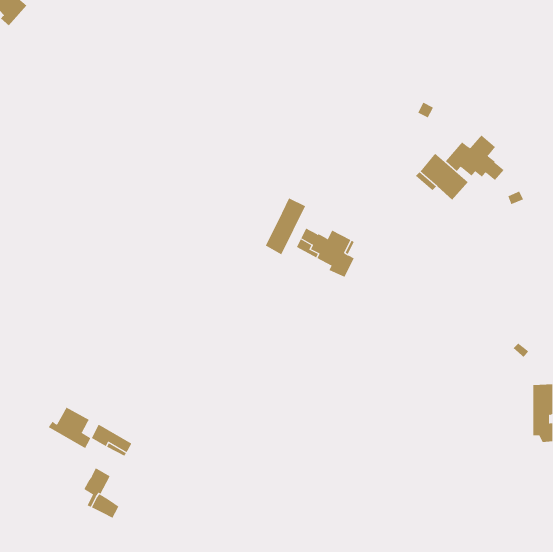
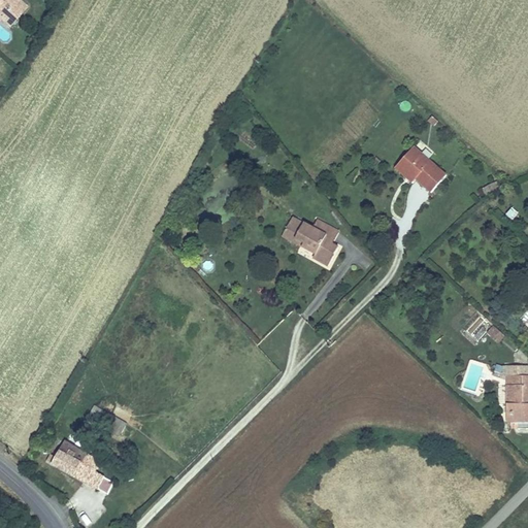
building: [445,134,504,181] -> none
building: [265,198,306,255] -> none
building: [48,407,91,449] -> [46,440,88,481]

